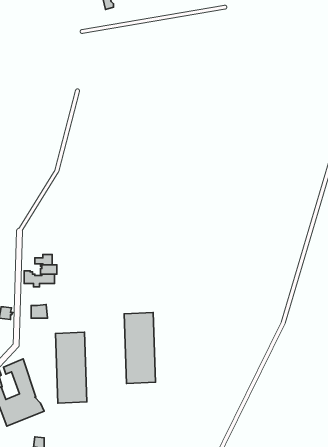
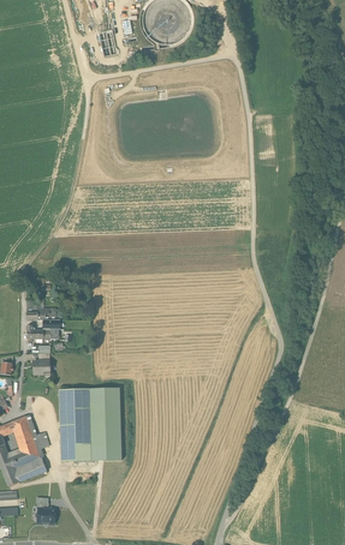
building: [124,313,156,383] -> [89,387,121,460]

